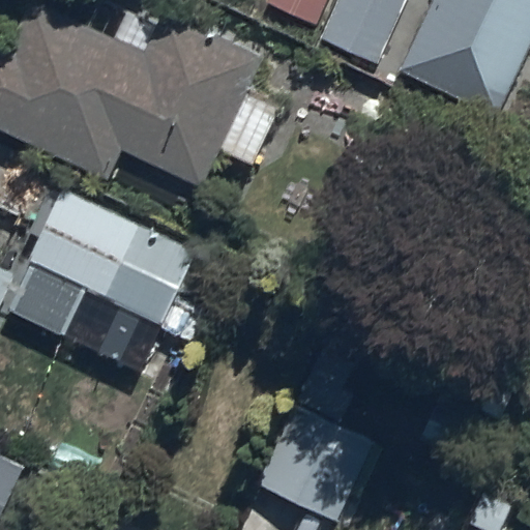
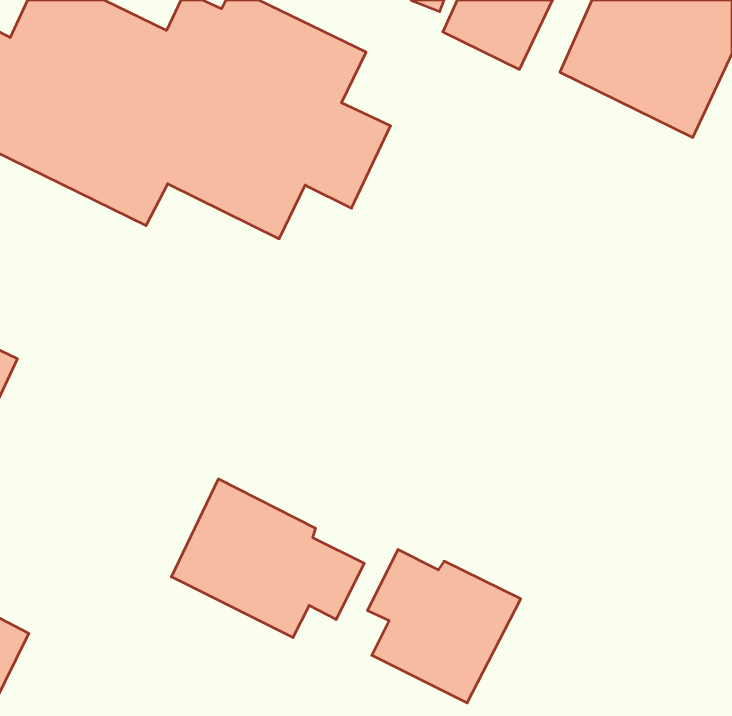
building: [9,187,197,336] -> none
building: none -> [171,479,364,638]

